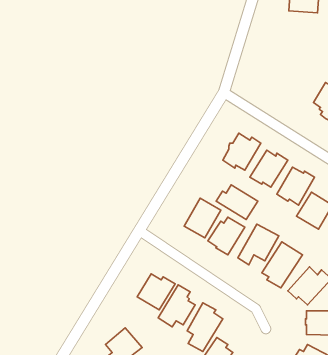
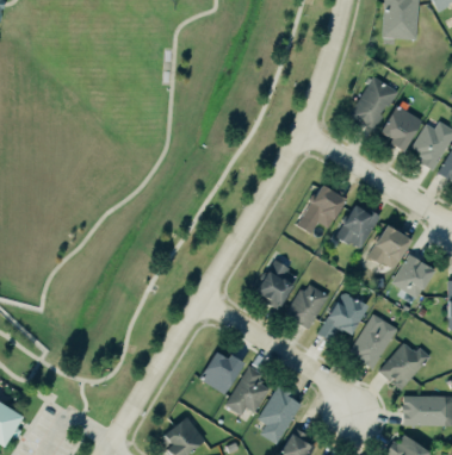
building: none -> [348,75,397,129]
building: none -> [379,104,421,151]
building: [216,185,258,219] -> none

